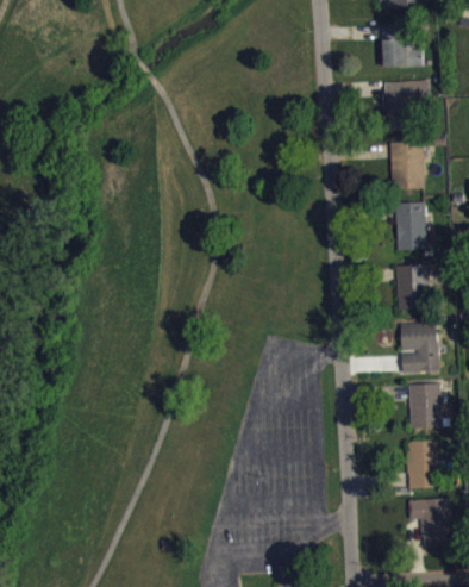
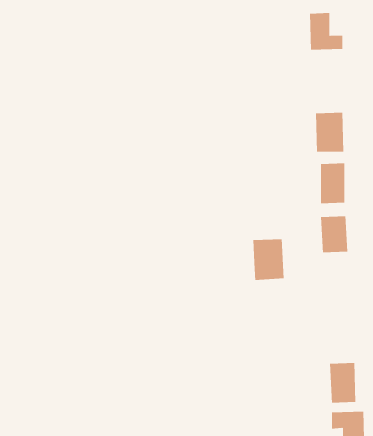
building: [382,80,430,130] -> none
building: [400,323,438,373] -> [252,239,284,281]
building: [408,380,440,427] -> none

